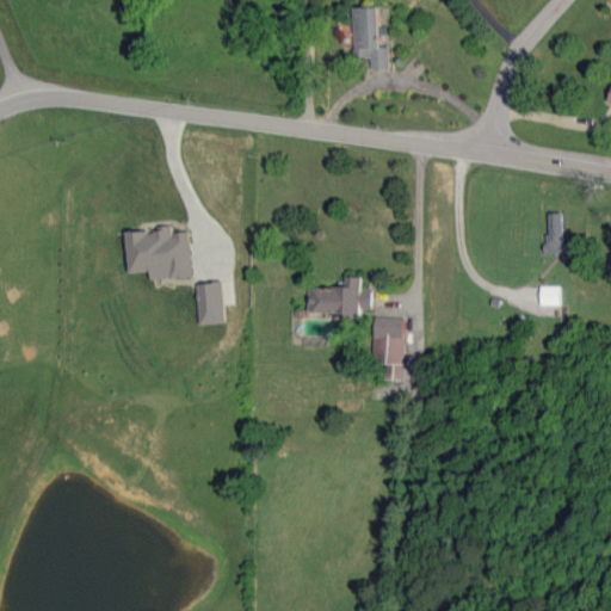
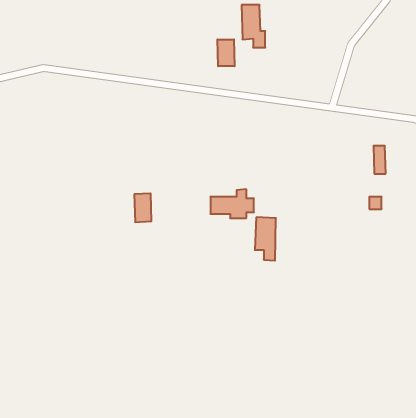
building: none -> [217,39,235,66]
building: [125,229,190,280] -> none

